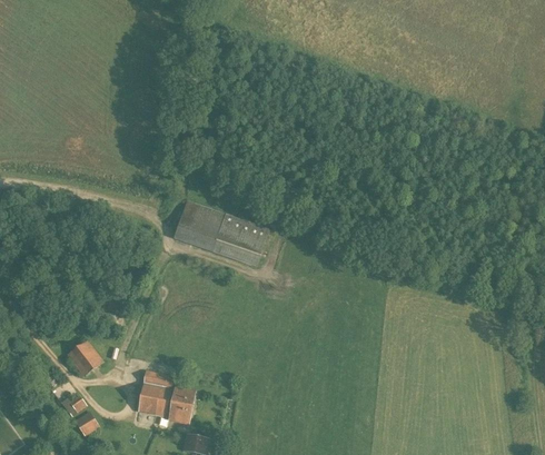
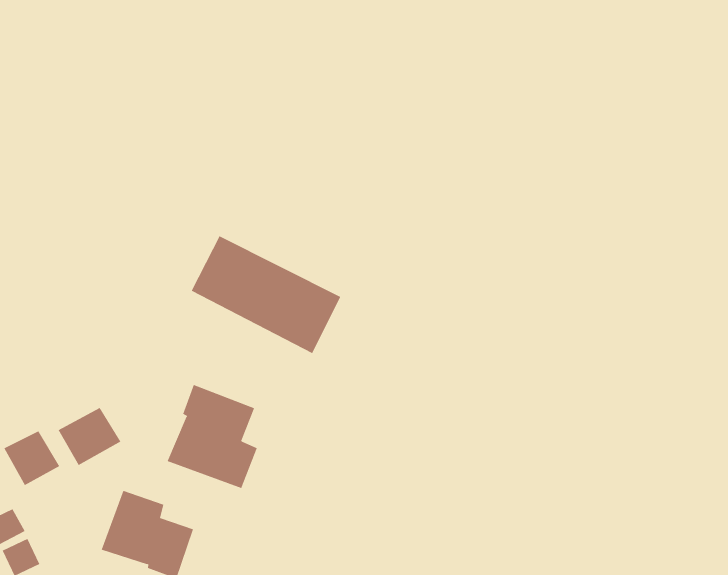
building: none -> [167,384,258,489]
building: none -> [58,407,121,466]

